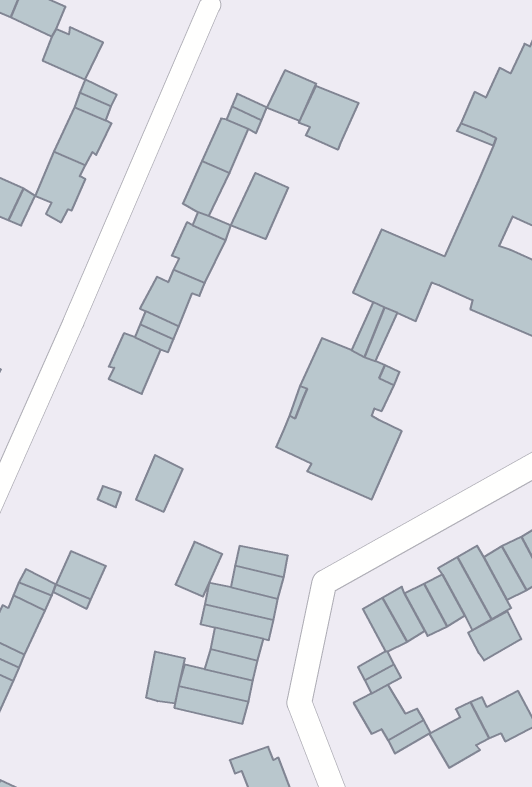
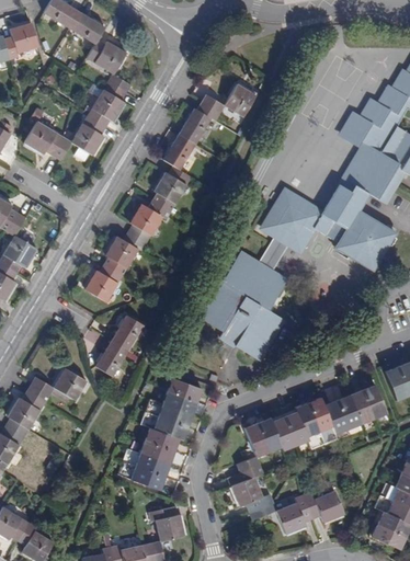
building: [299,86,359,150] -> none
building: [231,173,288,239] -> none
building: none -> [84,263,123,302]
building: [175,542,222,597] -> [95,341,127,376]
building: [468,611,521,661] -> none
building: [146,651,185,703] -> none

